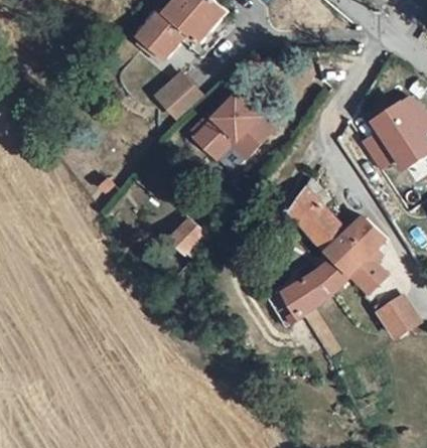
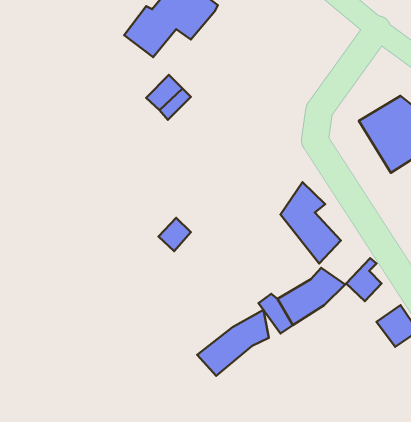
building: [189,95,269,160] -> none
building: [326,220,386,278] -> none
building: none -> [197,310,269,376]

